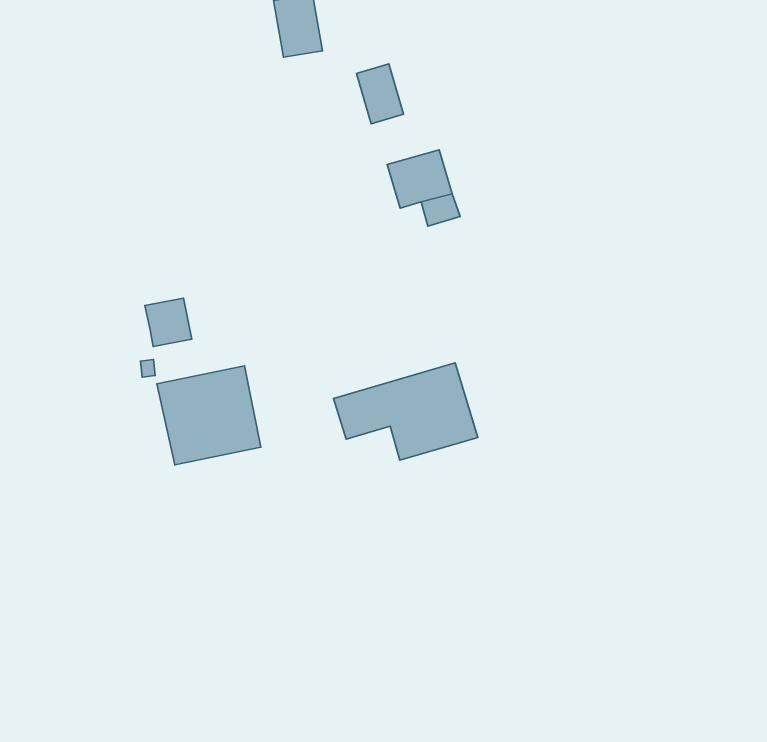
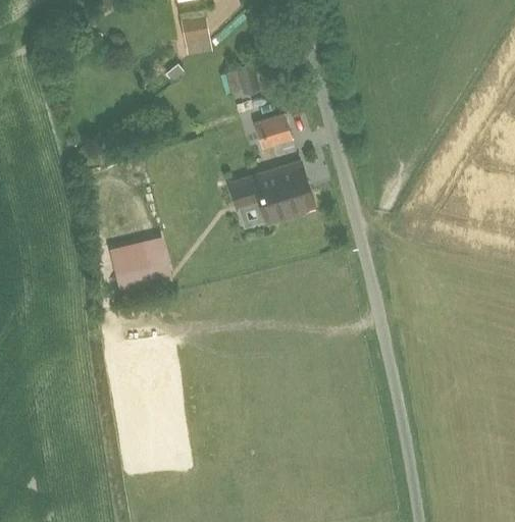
building: [145,298,192,347] -> none
building: [333,363,478,460] -> [225,160,316,221]

